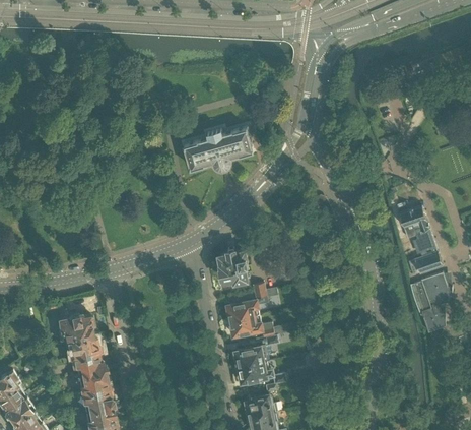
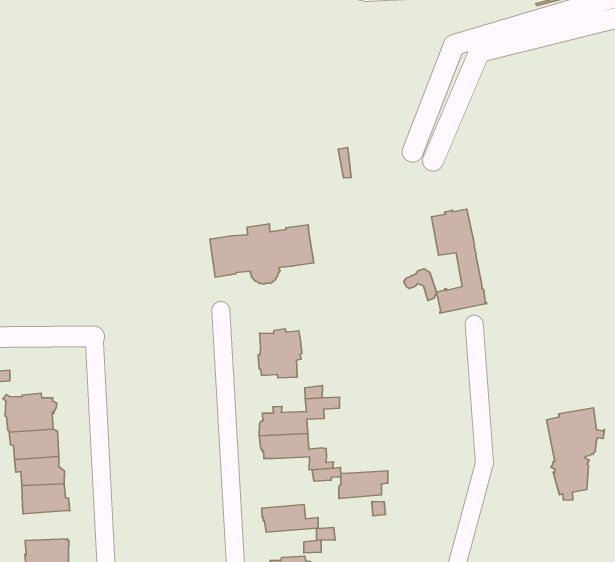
building: [184,127,254,170] -> [210,224,314,284]
building: [399,206,443,277] -> [432,209,487,313]
building: [234,346,266,368] -> [339,471,388,498]
building: [80,387,112,411] -> none

